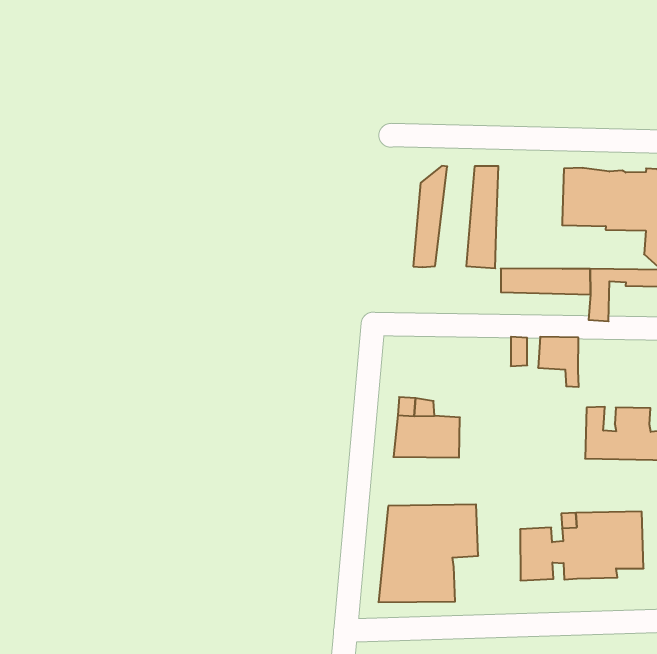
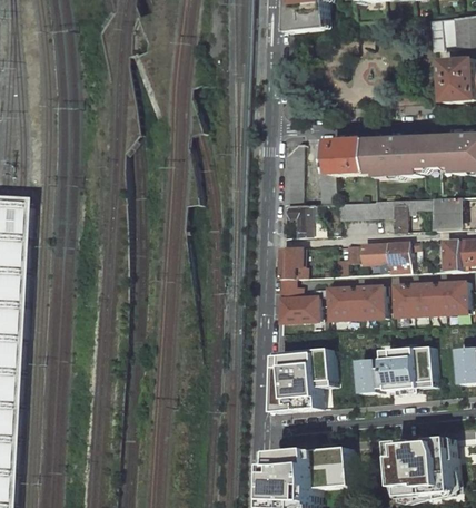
building: none -> [331,139,373,174]
building: none -> [289,204,323,236]
building: none -> [280,247,303,277]
building: none -> [387,241,410,262]
building: none -> [329,284,385,319]

